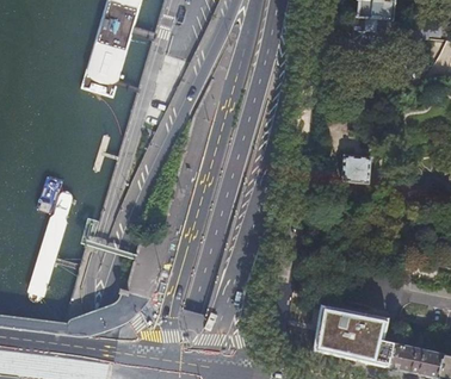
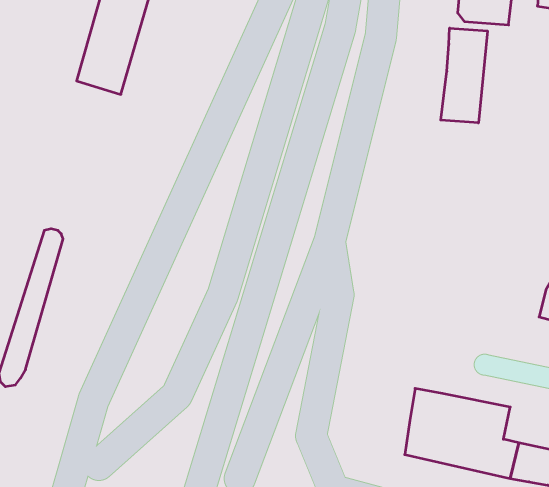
building: none -> [441,28,487,123]
building: [339,154,369,184] -> none

